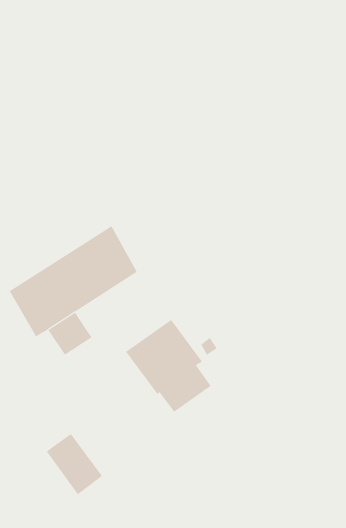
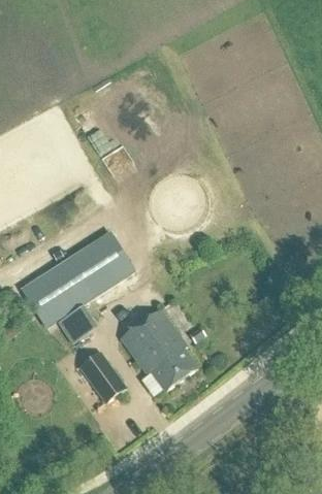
building: [46,433,103,495] -> [75,350,124,402]

